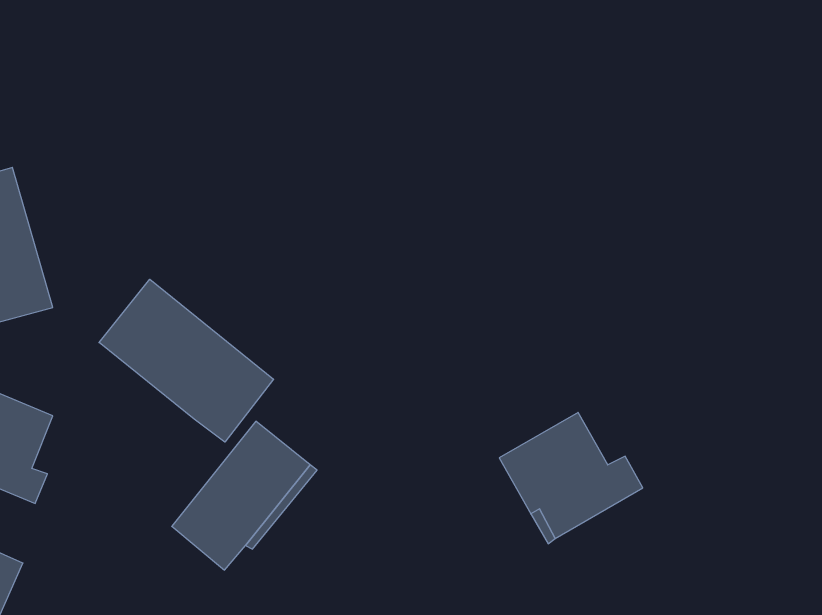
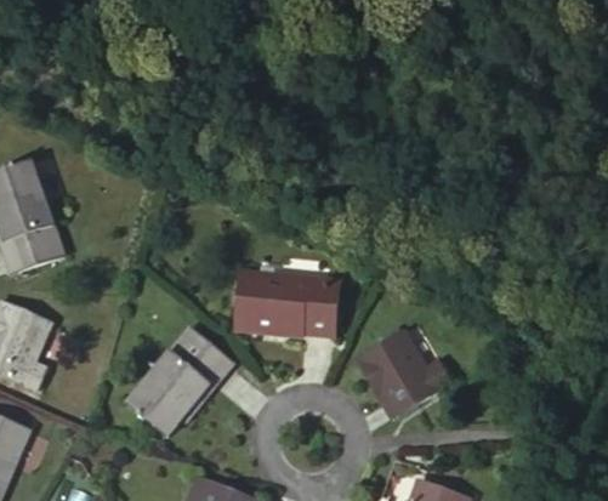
building: [99,279,274,442] -> none
building: none -> [237,275,340,336]

